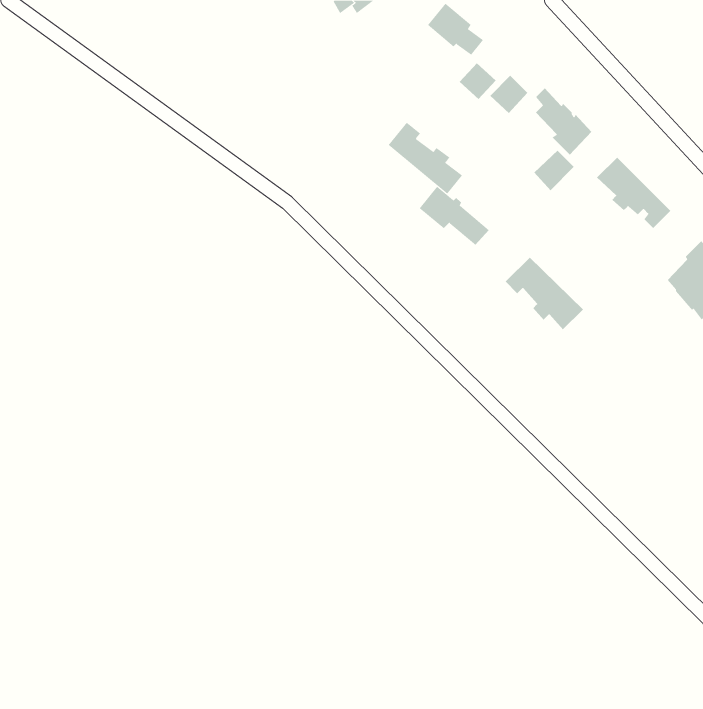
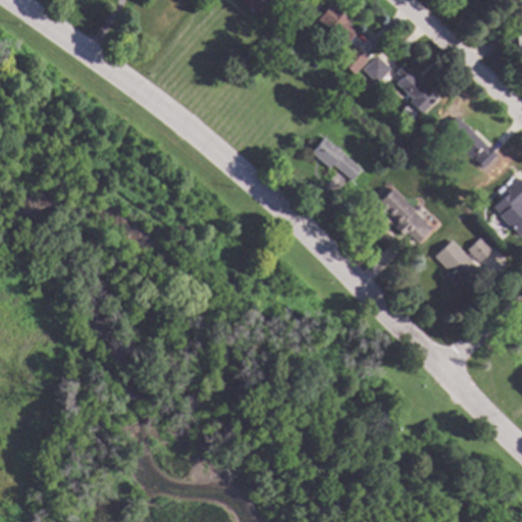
building: [388,122,463,195] -> none
building: [533,150,575,191] -> none
building: none -> [435,238,493,286]

